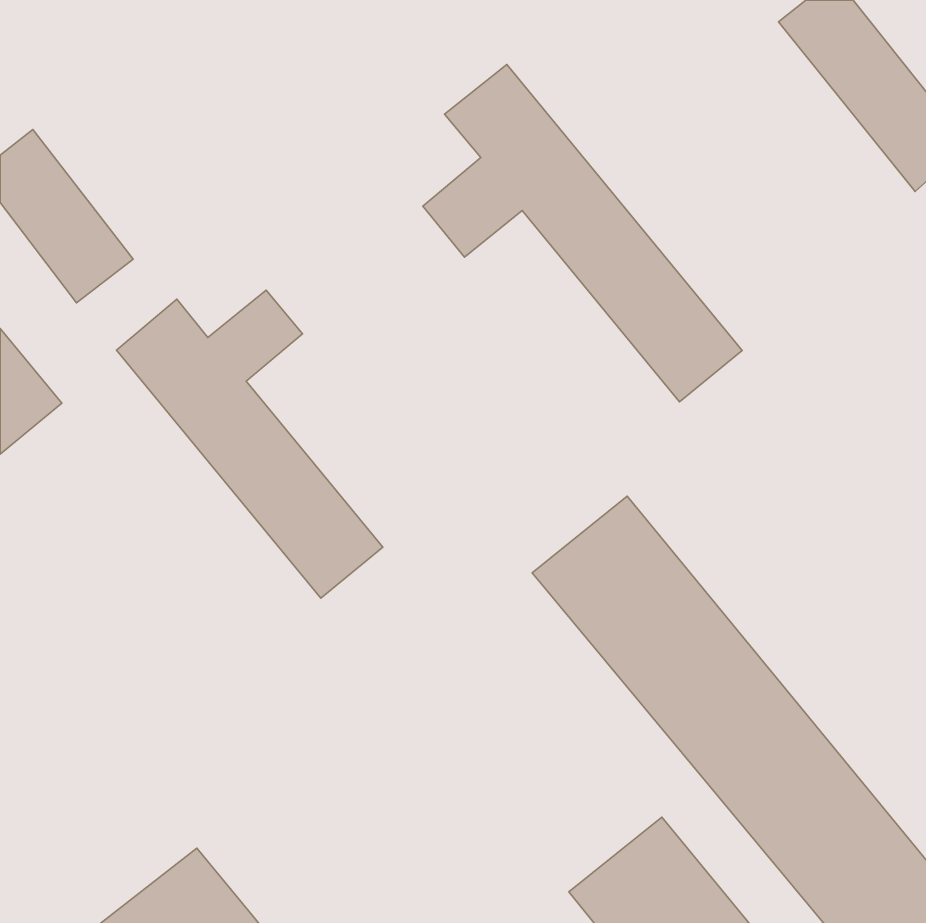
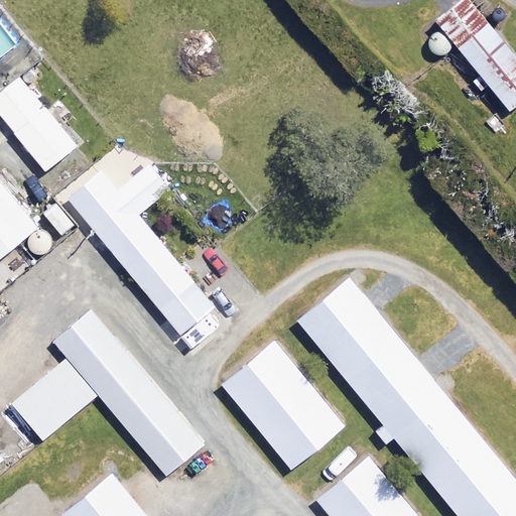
building: [423,65,742,402] -> none
building: none -> [13,310,205,477]
building: none -> [222,342,344,469]

